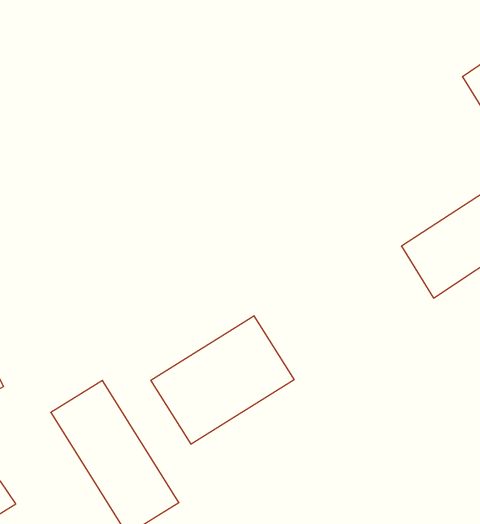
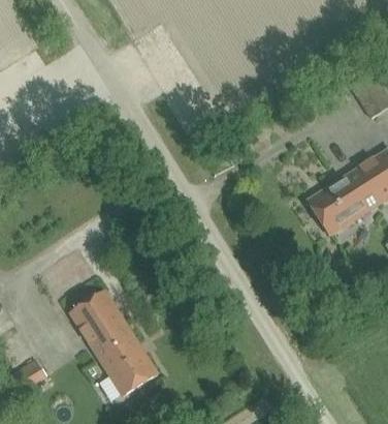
building: [151,316,294,444] -> none

